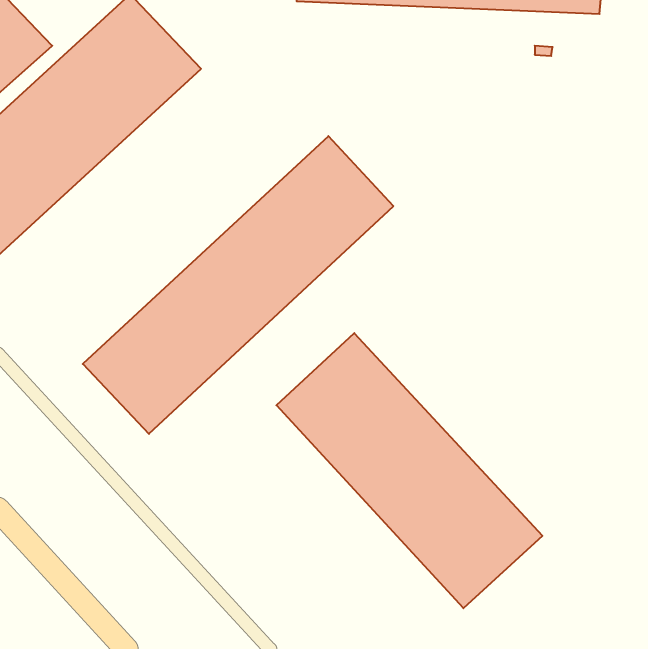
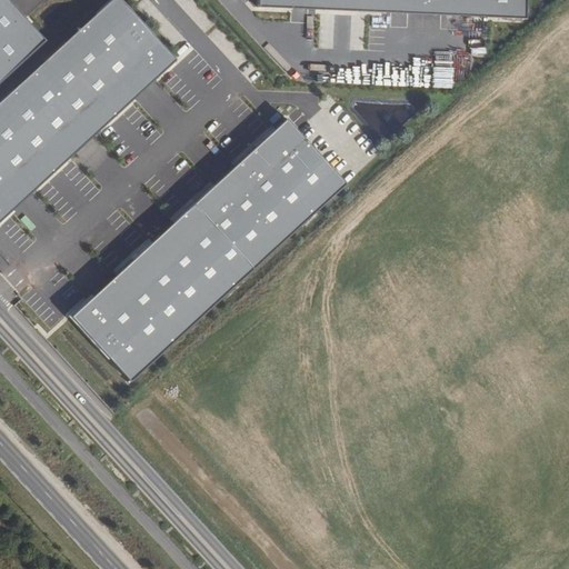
building: [276,333,542,608] -> none

